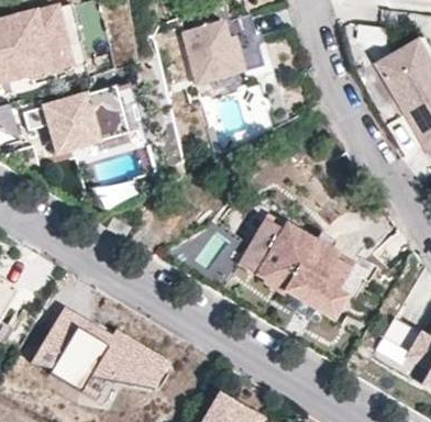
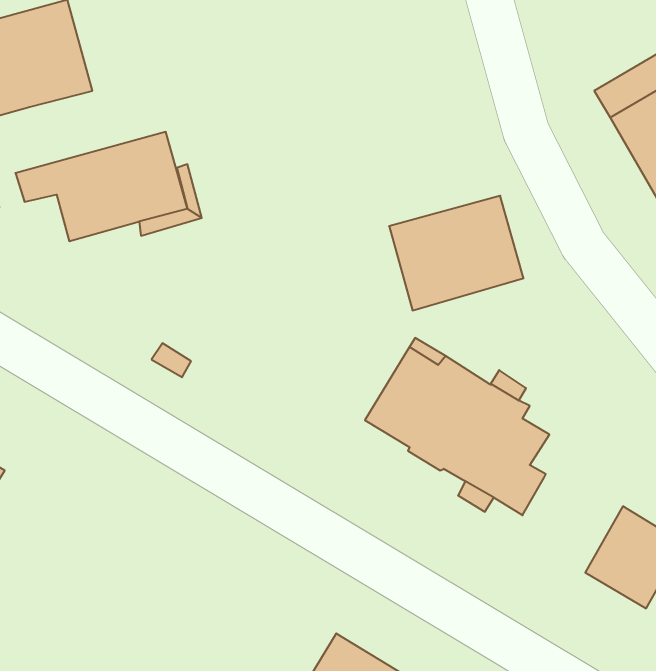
building: [183,13,265,84] -> [389,196,524,310]
building: [31,309,166,391] -> none

